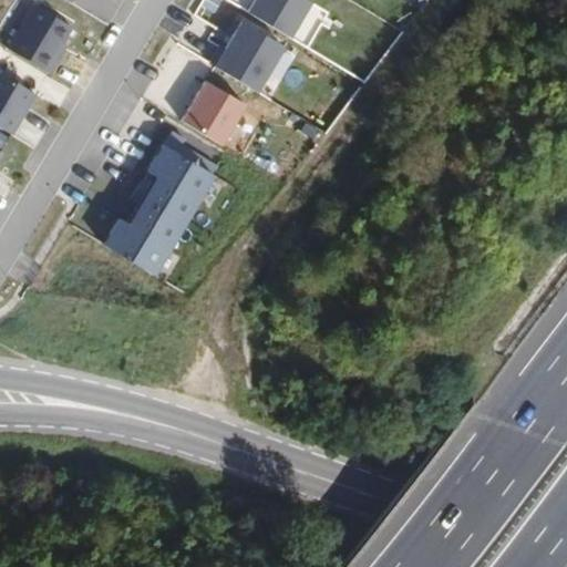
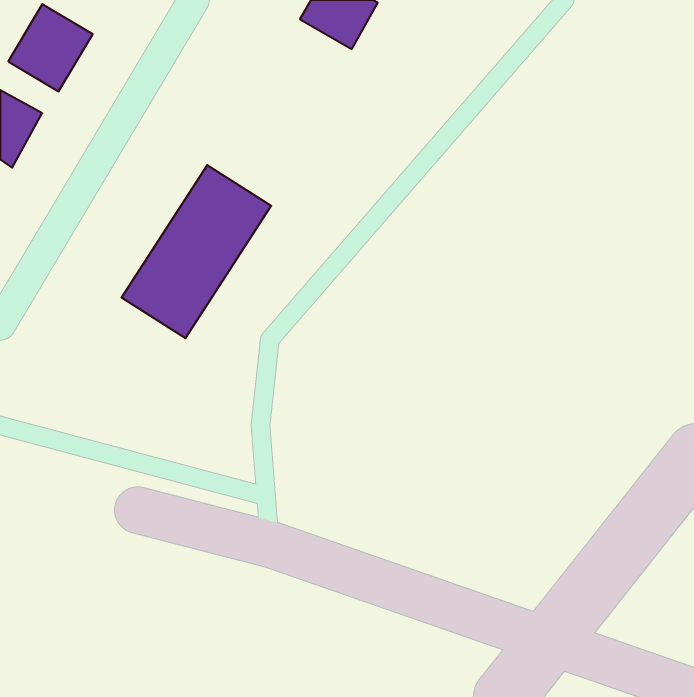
building: [215,19,284,91] -> none
building: [183,79,252,150] -> none

